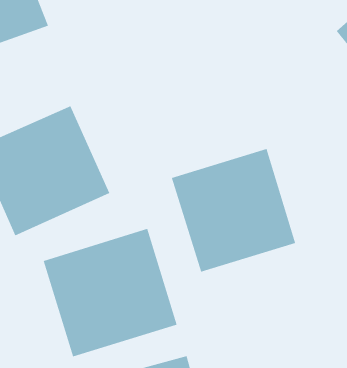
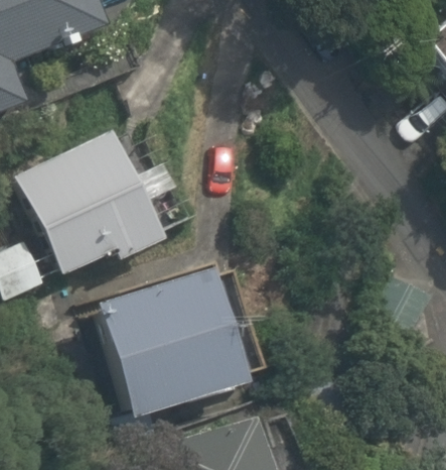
building: [171,148,296,273] -> none

